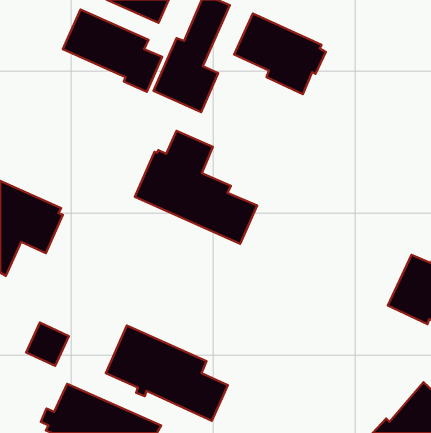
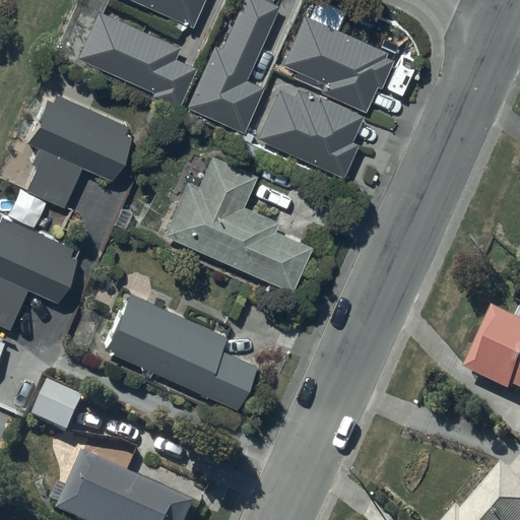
building: none -> [257,89,364,177]
building: none -> [27,96,134,207]
building: [106,326,228,421] -> [105,294,251,407]

